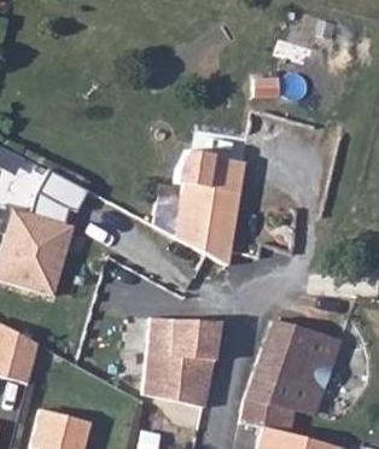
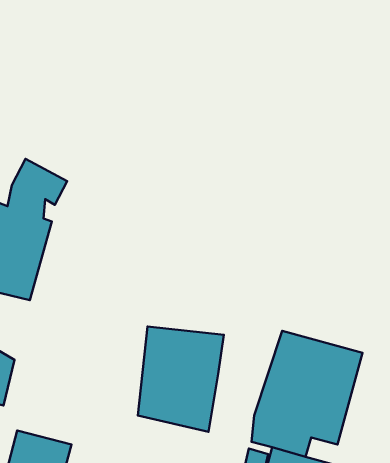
building: [175,152,246,267] -> none

